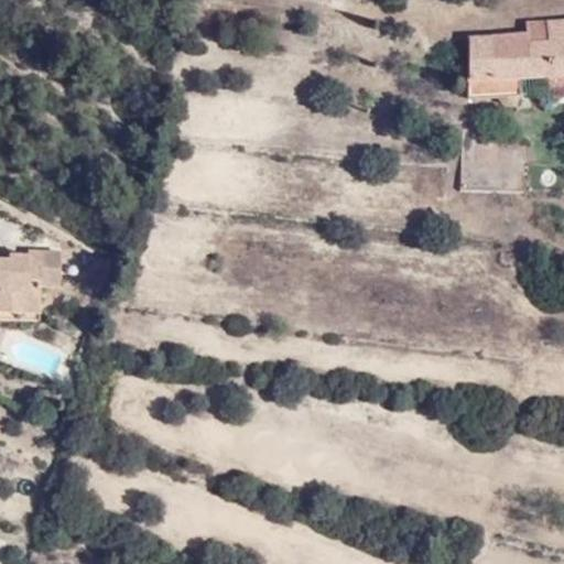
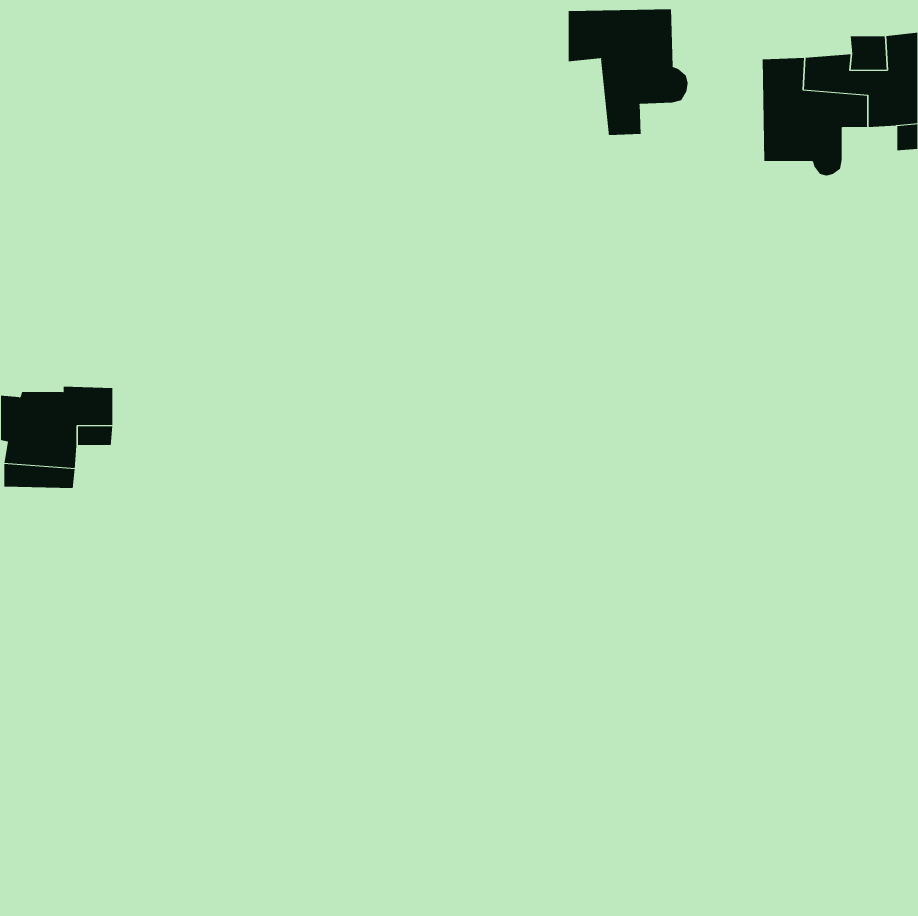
building: none -> [568,9,688,136]

